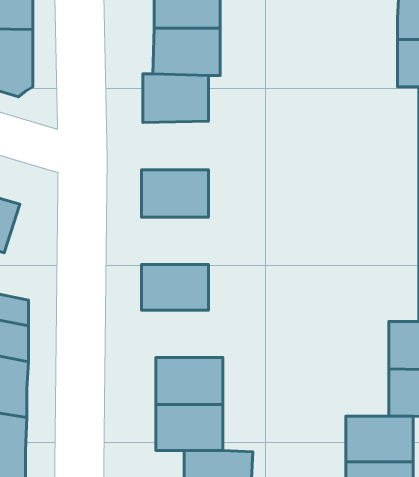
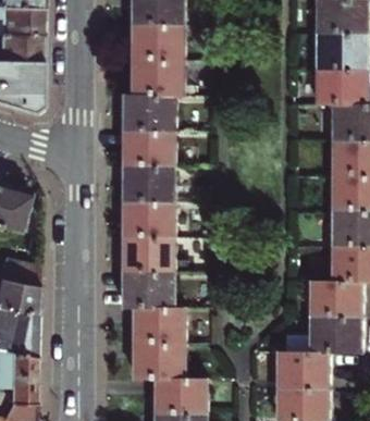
building: none -> [123,128,174,165]
building: none -> [123,201,174,237]
building: none -> [123,272,174,308]

